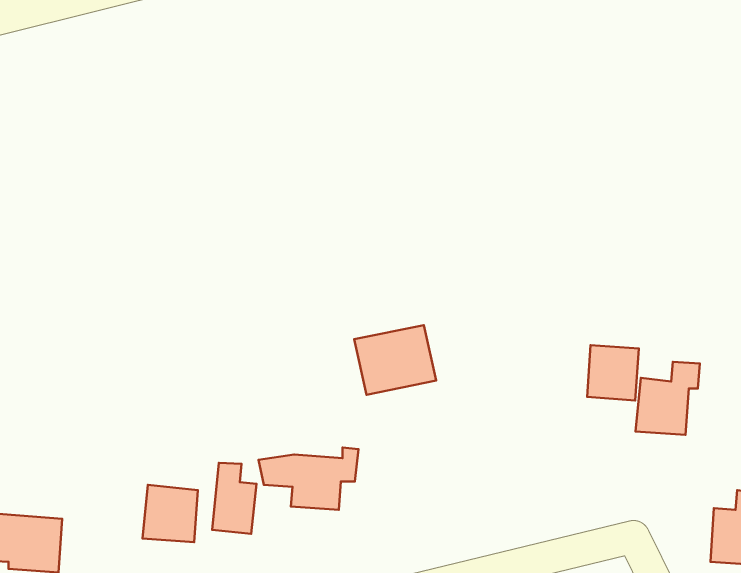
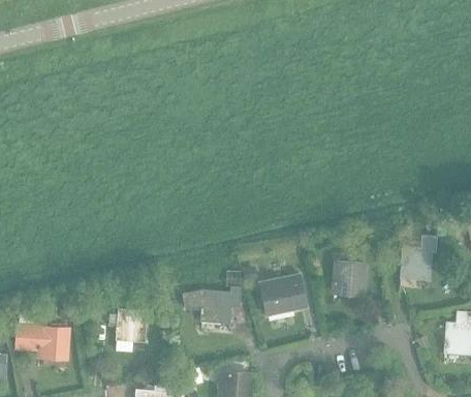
building: [354,325,436,395] -> [260,276,308,316]
building: [587,345,639,400] -> [335,262,365,294]
building: [212,463,257,534] -> none

